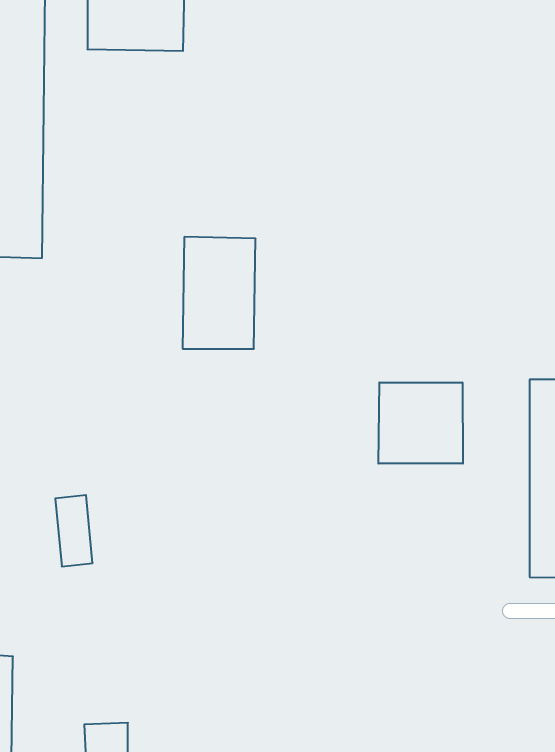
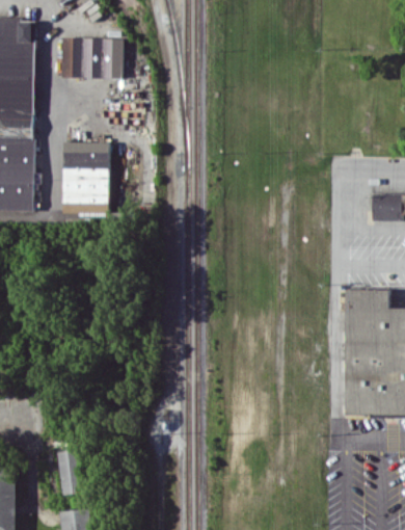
building: [183,237,256,349] -> [63,141,110,213]
building: [378,382,463,464] -> none
building: [55,495,93,566] -> [56,449,80,495]

